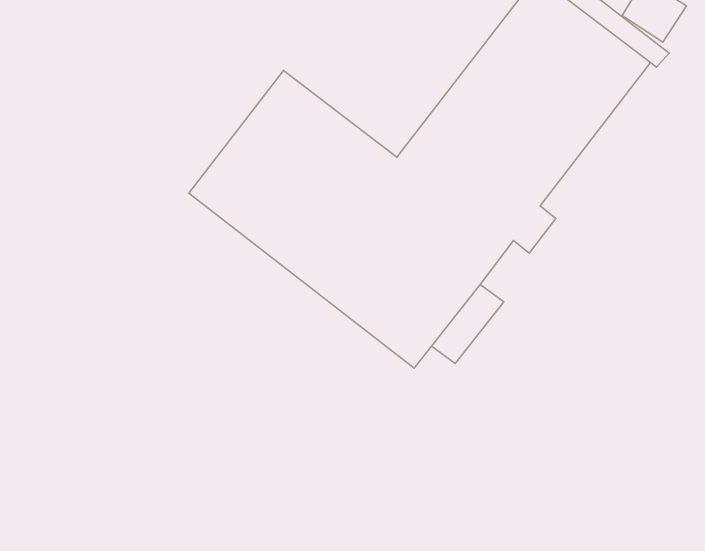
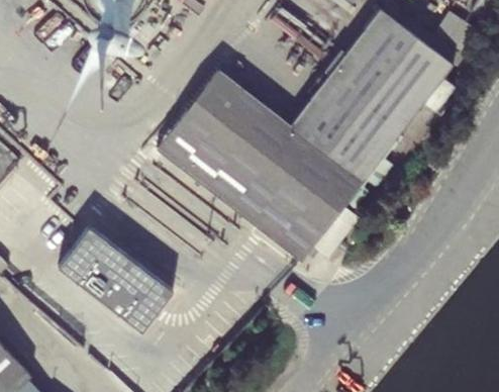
building: none -> [58,228,172,332]

